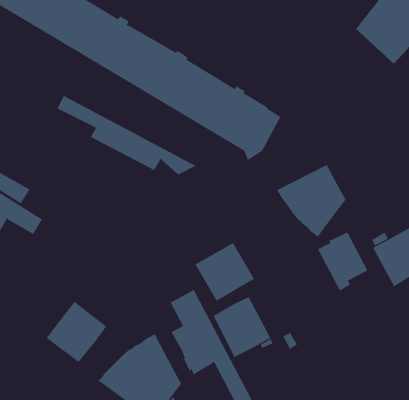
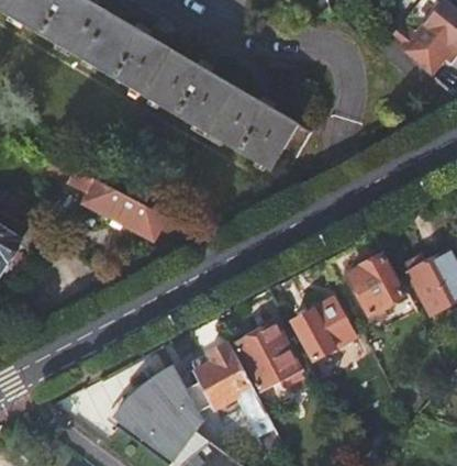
building: [56,95,197,175] -> [46,158,197,244]
building: [276,164,346,237] -> none
building: [195,242,255,301] -> [291,298,356,362]
building: [46,301,107,363] -> none

